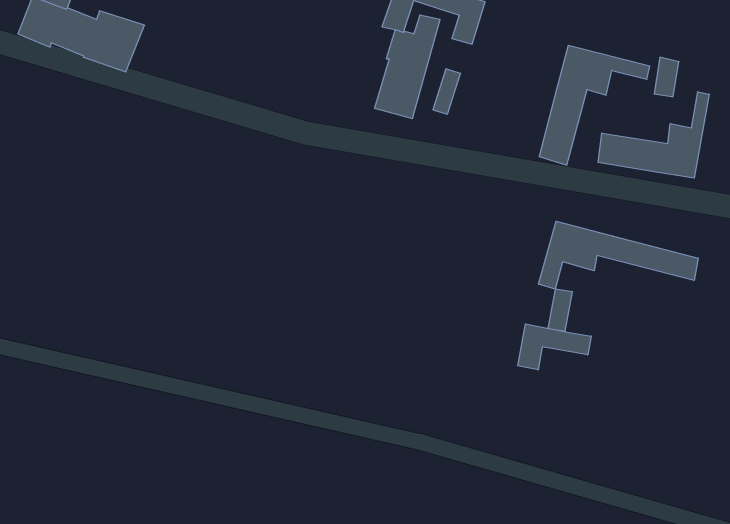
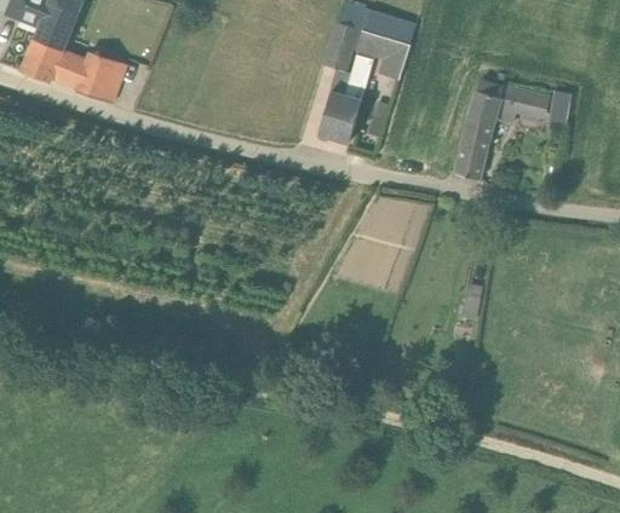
building: [598,92,709,178] -> none
building: [539,221,698,289] -> none
building: [518,324,591,370] -> none

